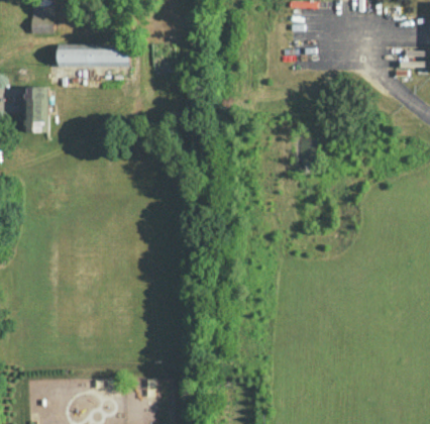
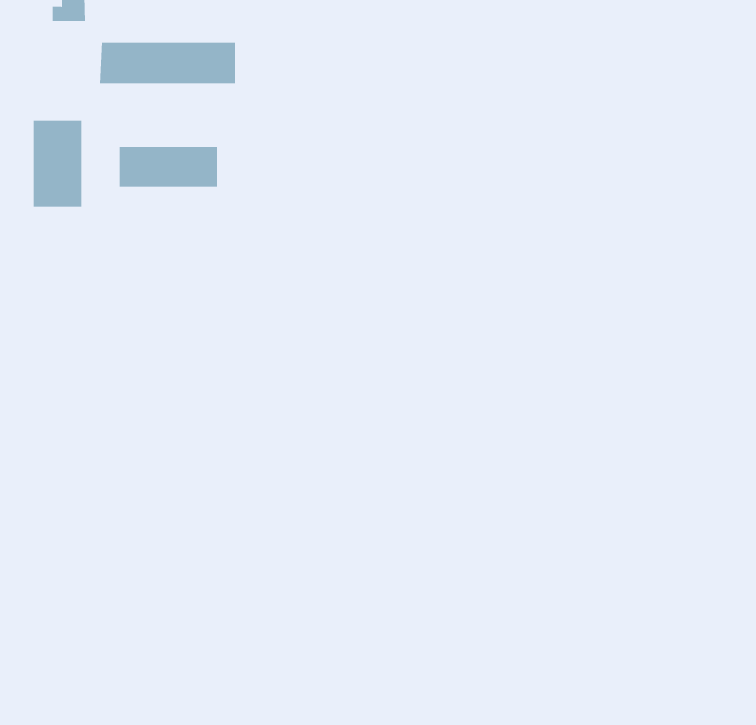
building: none -> [119,146,218,187]

